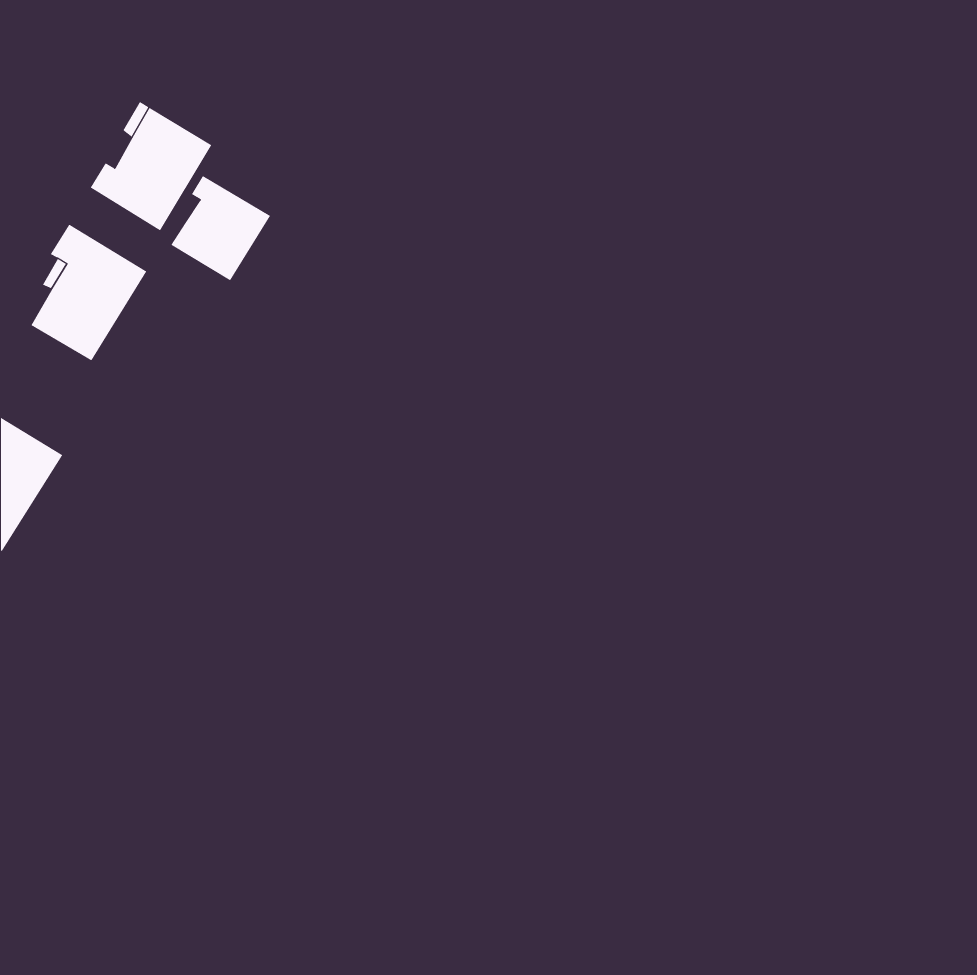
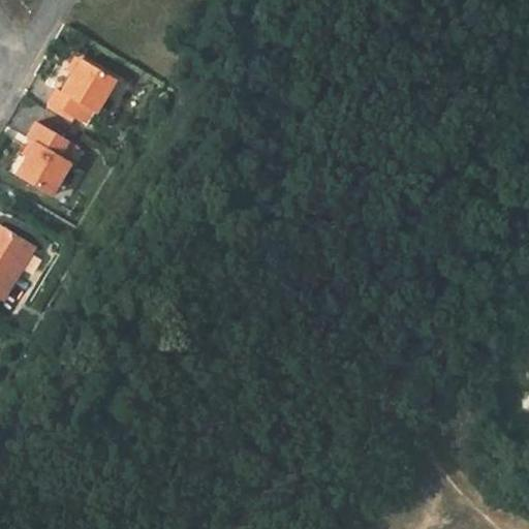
building: [170,175,271,281] -> none

